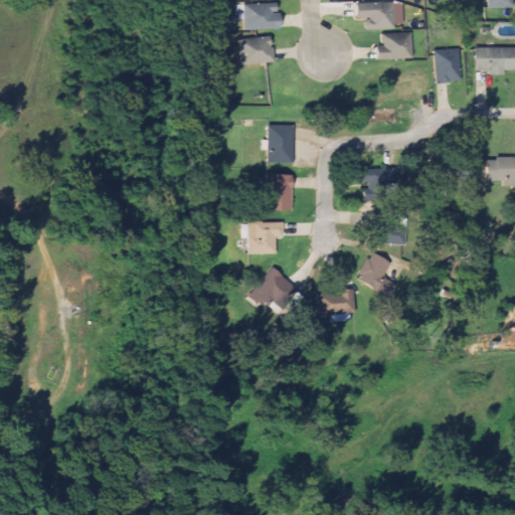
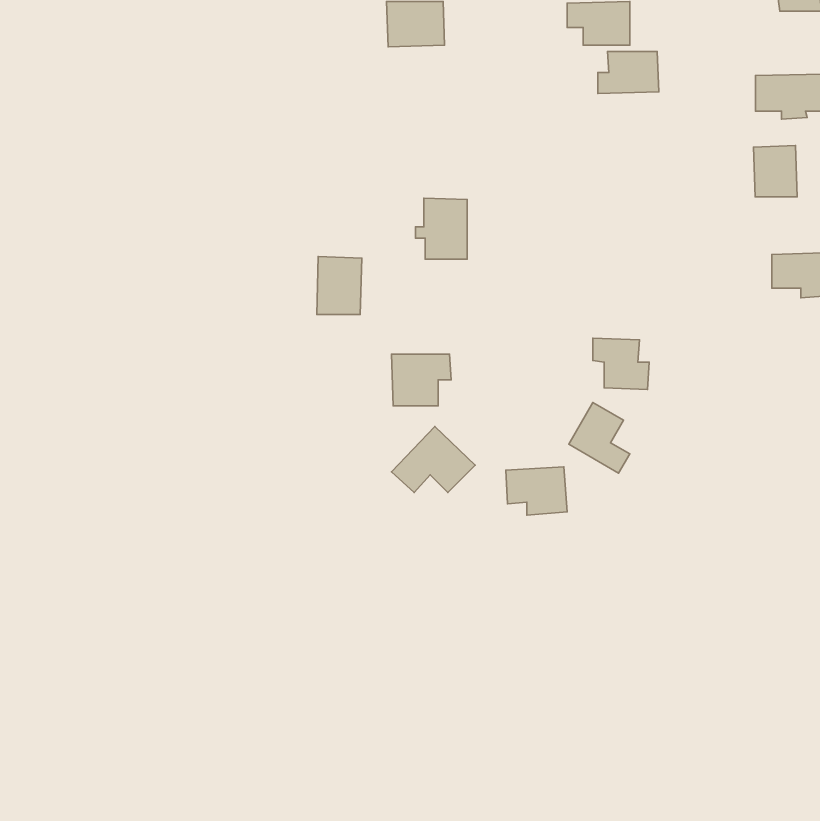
building: [238,33,274,63] -> none
building: [435,49,462,81] -> [754,145,797,197]
building: [362,167,399,199] -> none
building: [265,173,293,209] -> [317,257,362,315]

